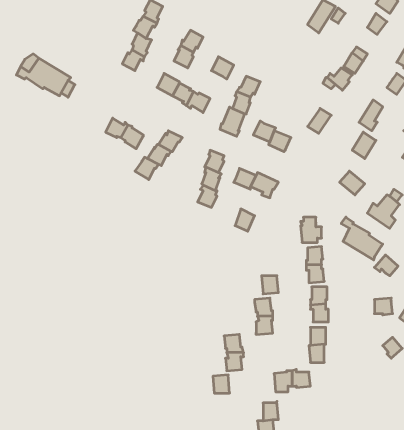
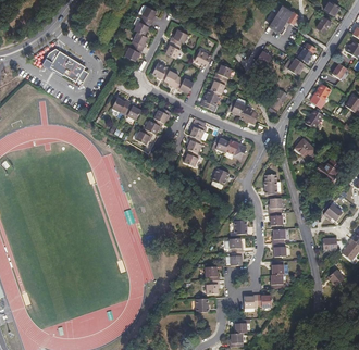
building: [341,217,383,260] -> none

